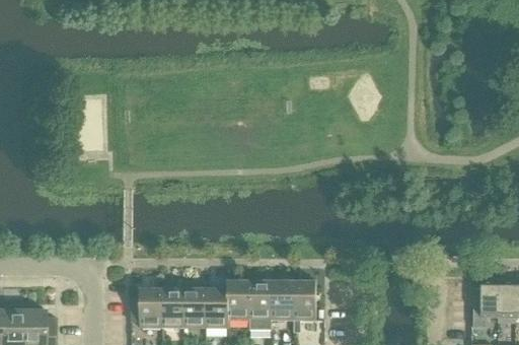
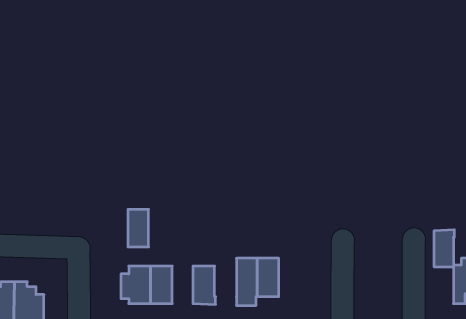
building: none -> [434,230,454,267]
building: [227,281,250,321] -> none
building: [294,281,316,334] -> none
building: [184,289,206,328] -> [128,209,149,247]

